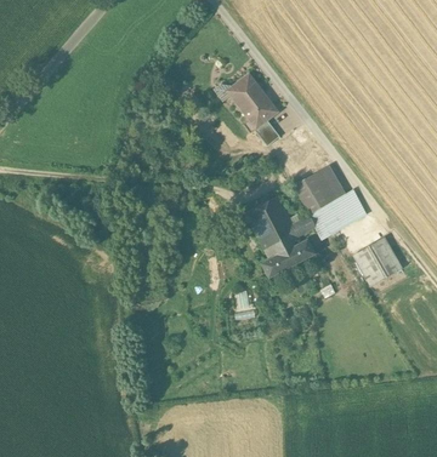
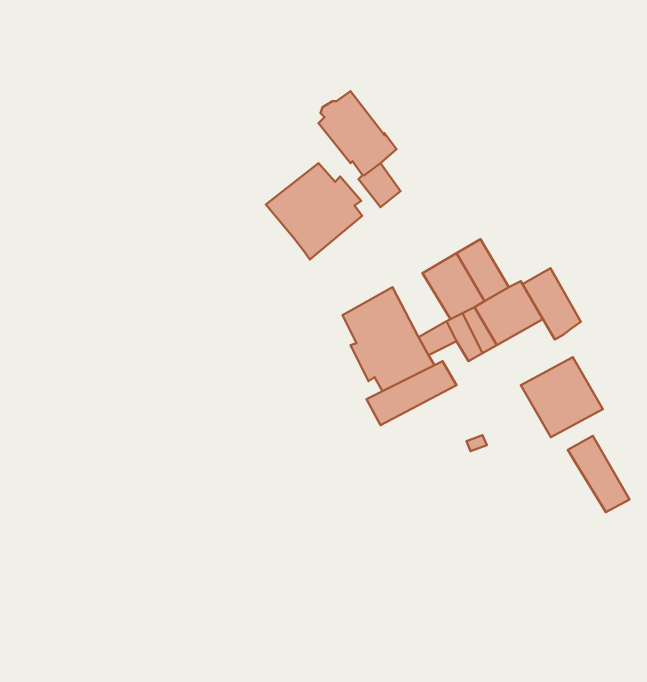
building: none -> [266,163,362,259]
building: none -> [523,268,581,339]
building: none -> [568,436,630,512]

